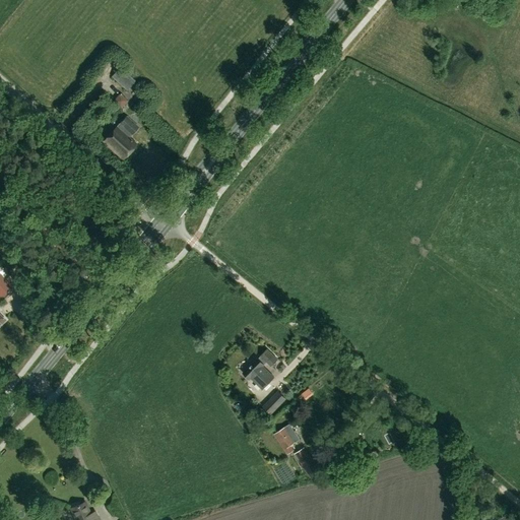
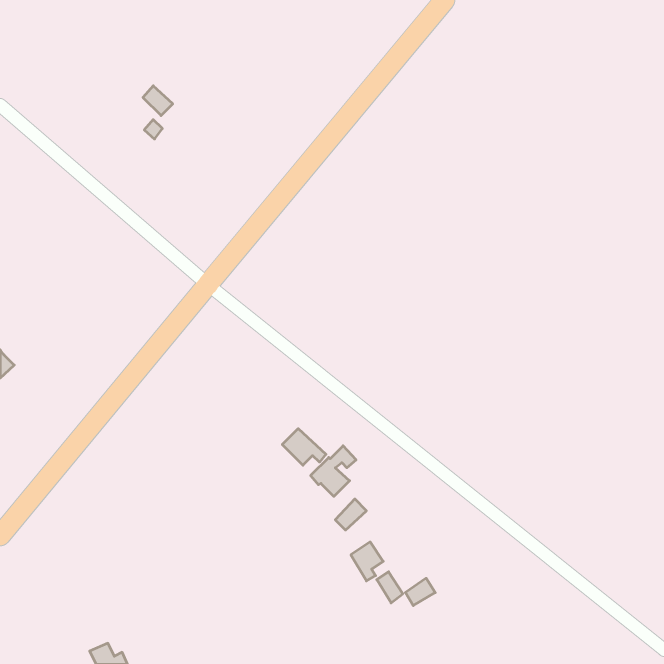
building: [104,115,139,158] -> none
building: none -> [282,429,326,465]

